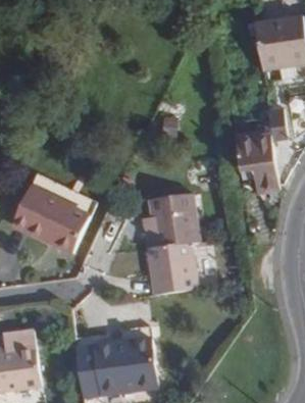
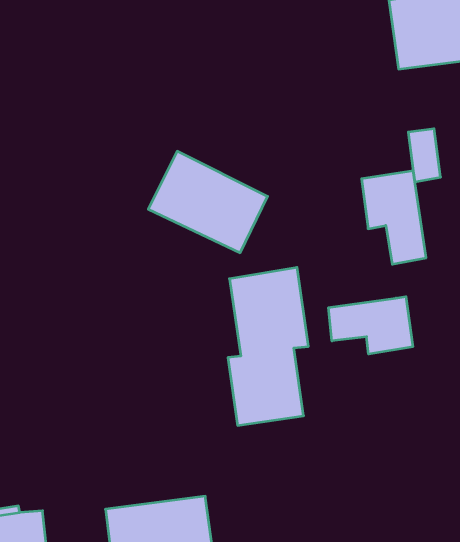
building: [13,190,89,254] -> [148,151,268,253]
building: none -> [329,297,413,354]

